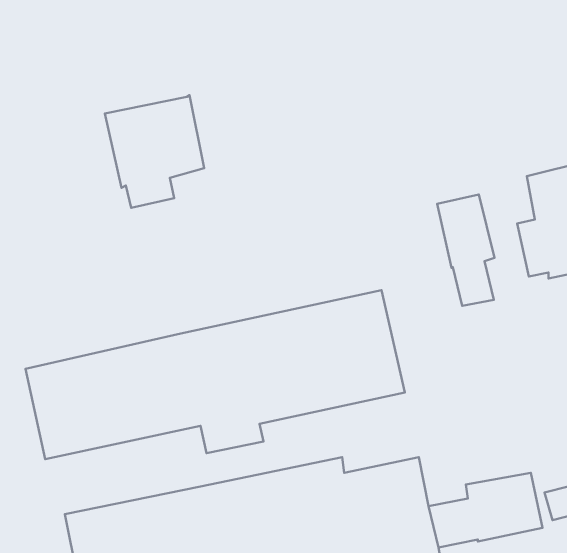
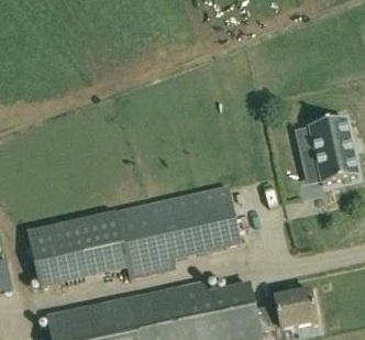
building: [105,95,204,208] -> none
building: [437,194,495,306] -> none

